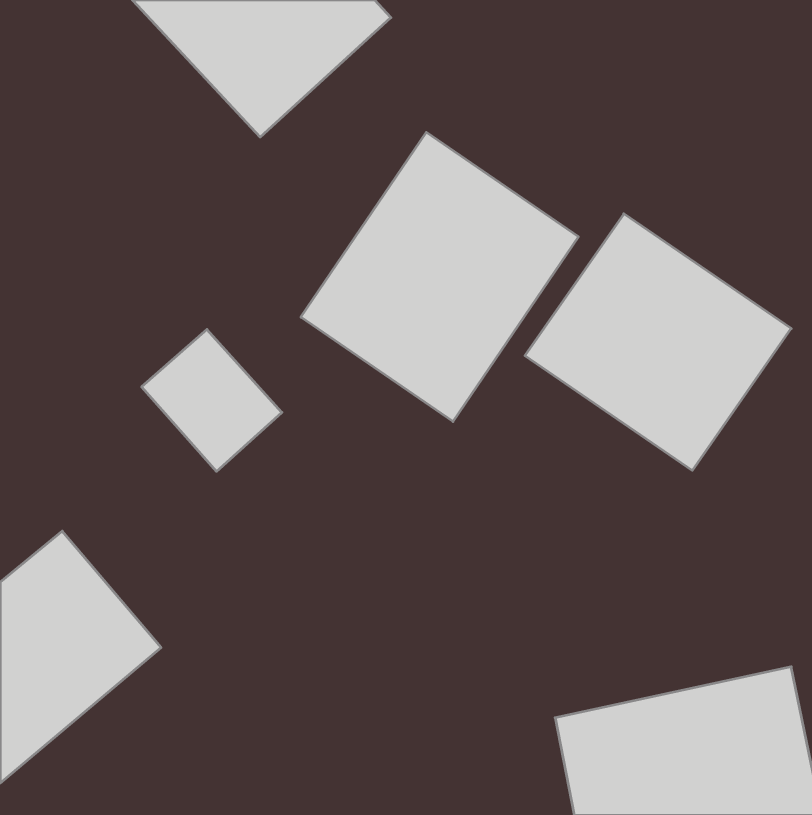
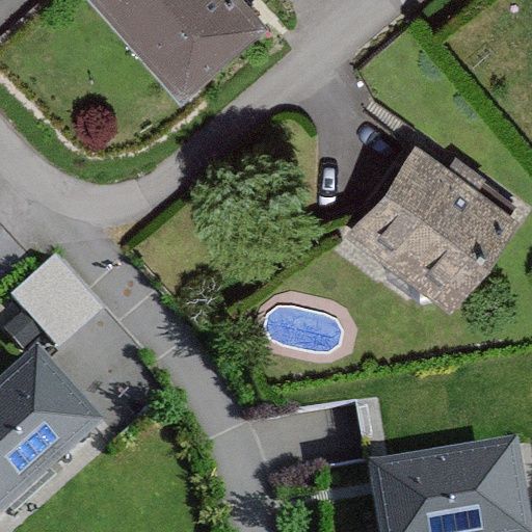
building: [301,132,578,422] -> none
building: [142,329,282,471] -> [12,254,104,346]

